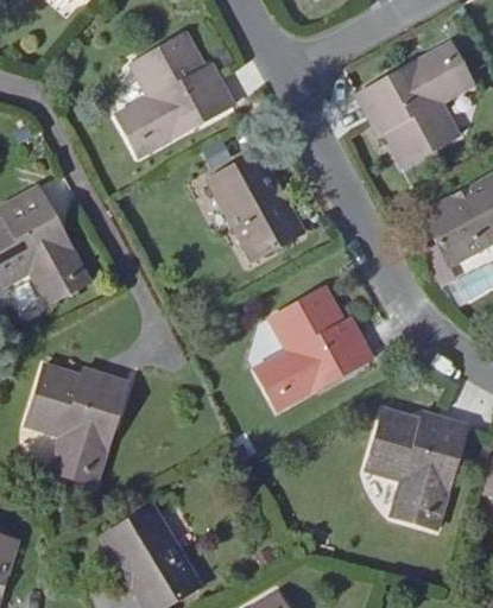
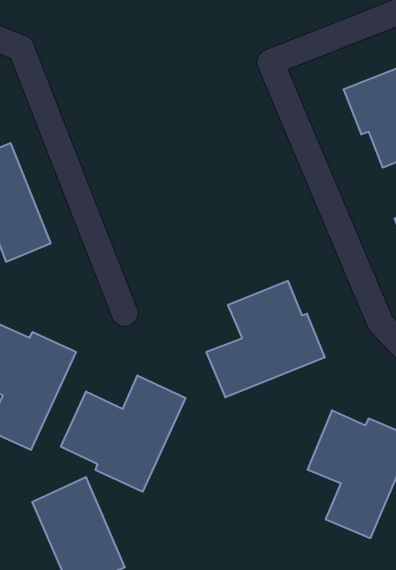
building: [116,34,233,156] -> none
building: [208,151,302,259] -> none
building: none -> [61,375,186,492]

